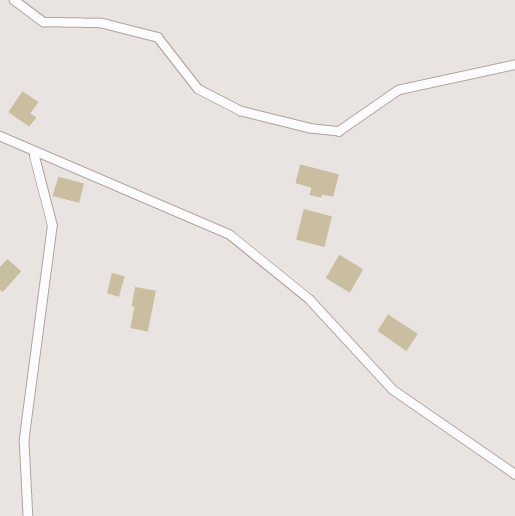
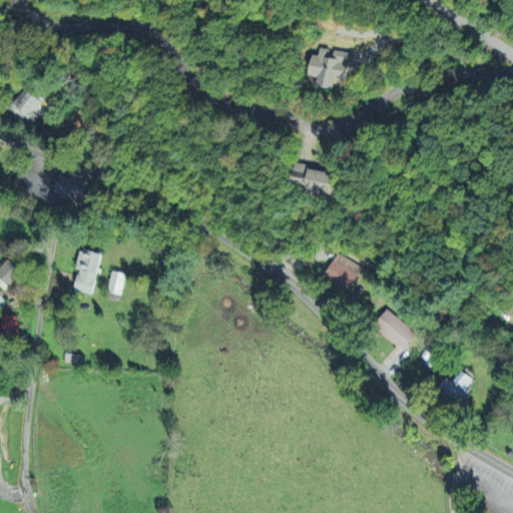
building: none -> [309,48,351,89]
building: [296,208,333,248] -> none
building: [129,287,157,332] -> [73,249,100,295]
building: none -> [440,371,471,404]

